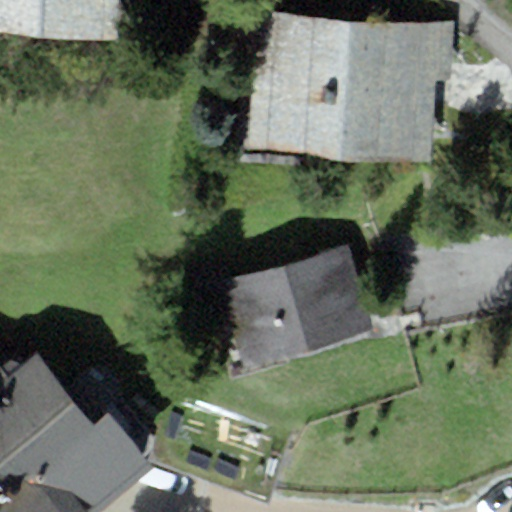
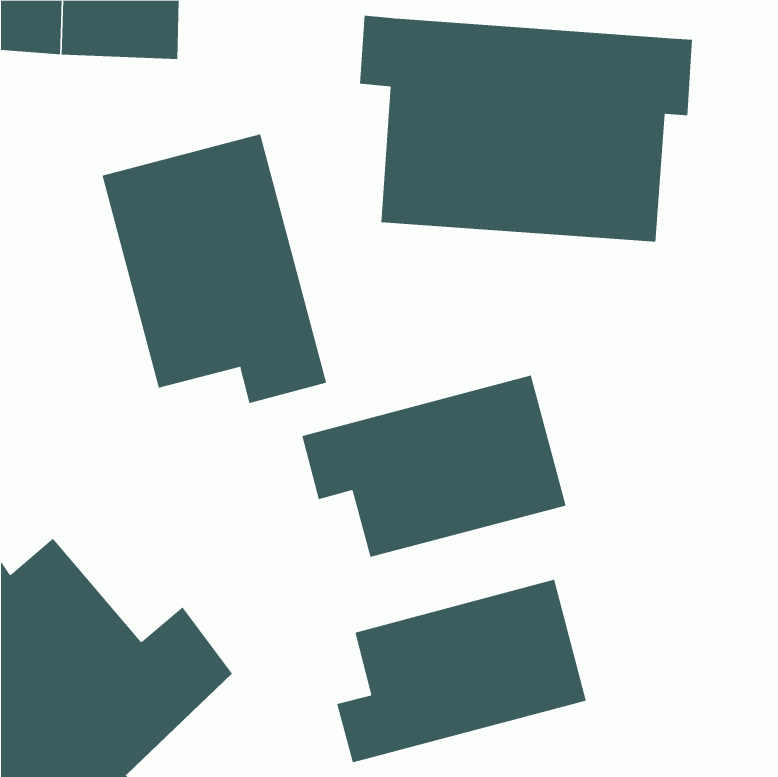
building: none -> [102,133,327,404]
building: none -> [337,579,586,763]

